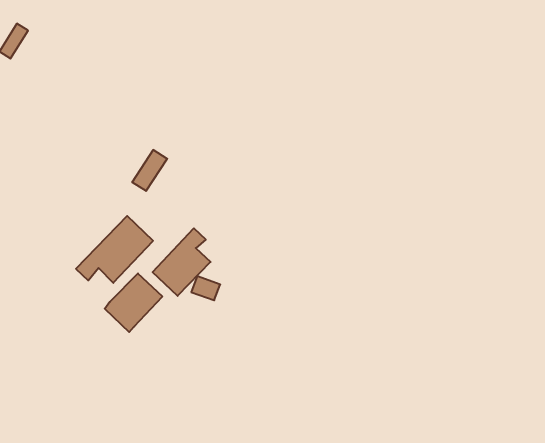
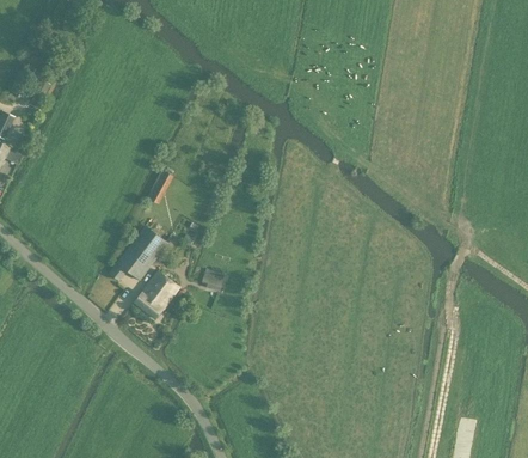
building: [153,228,211,296] -> none

